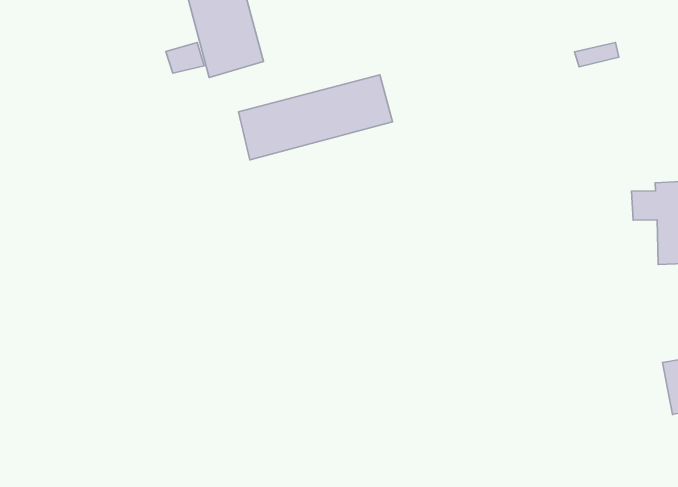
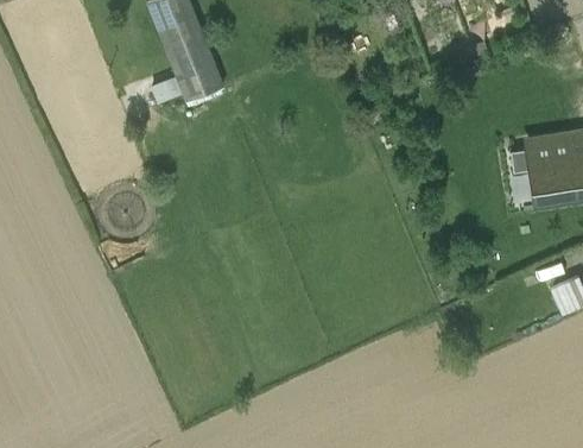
building: [239,75,392,160] -> none

